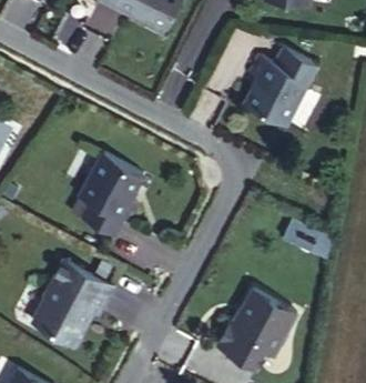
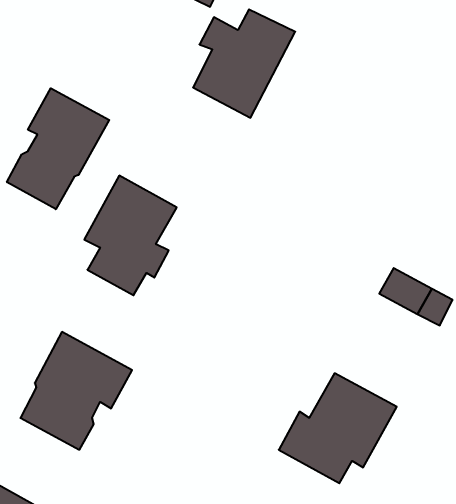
building: [244,51,315,127] -> [193,9,295,118]
building: none -> [7,88,109,209]

